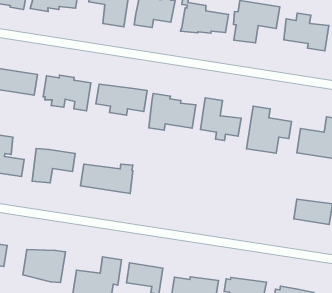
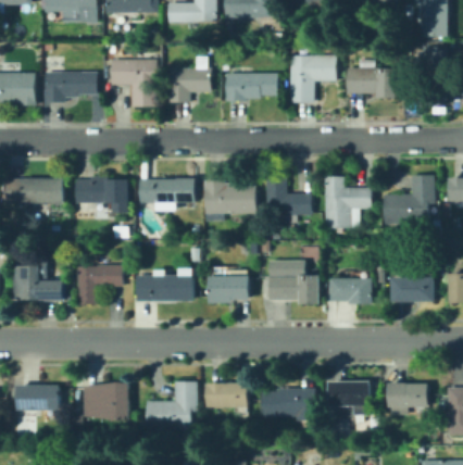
building: none -> [270,261,321,304]
building: none -> [209,276,249,304]
building: none -> [330,278,373,304]

